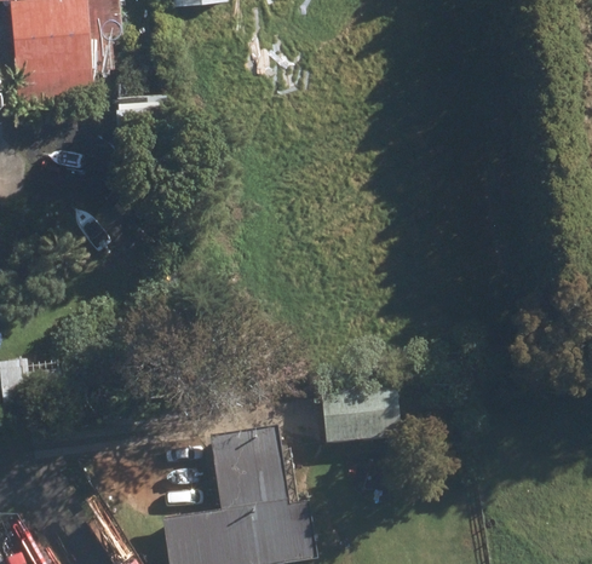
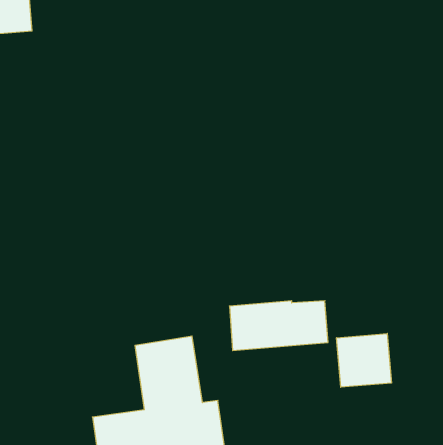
building: none -> [337,333,391,387]

